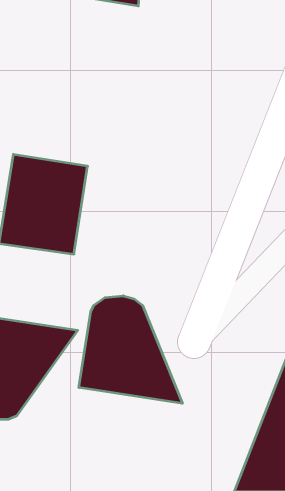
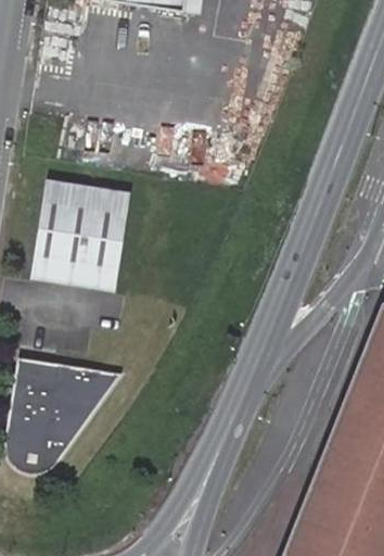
building: [79,296,182,403] -> none

